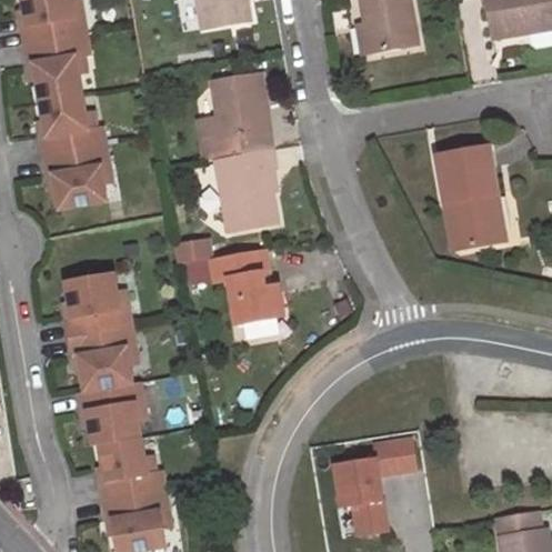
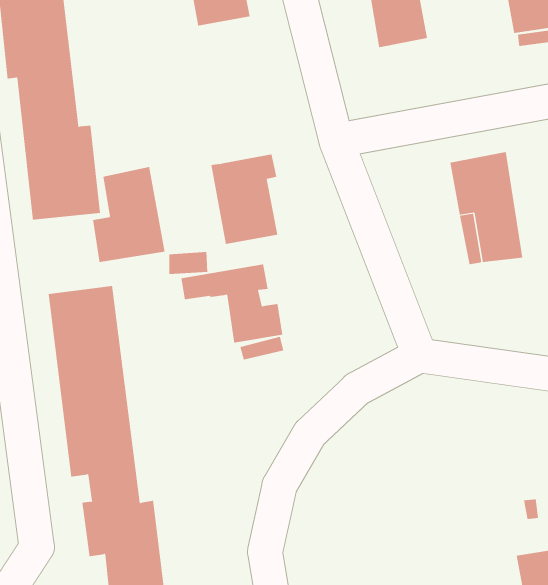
building: [211,73,271,157] -> none
building: none -> [93,166,165,263]
building: [334,433,420,535] -> none

